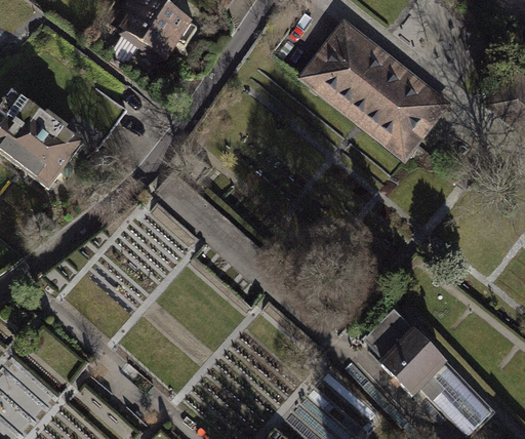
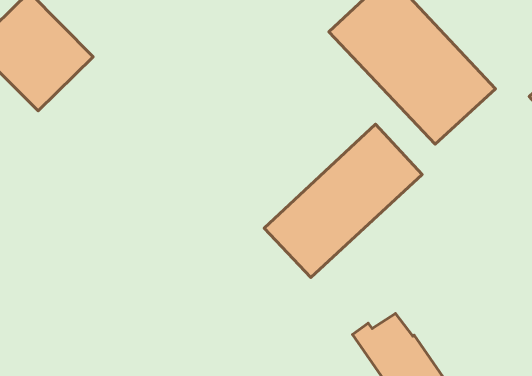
building: none -> [264,124,422,278]

